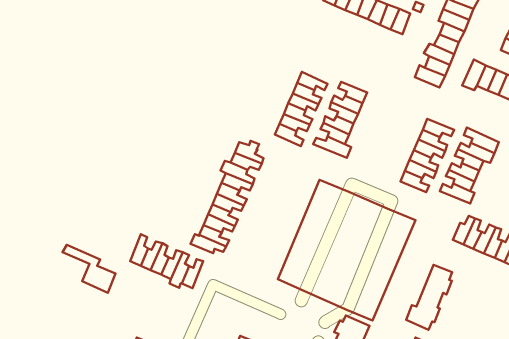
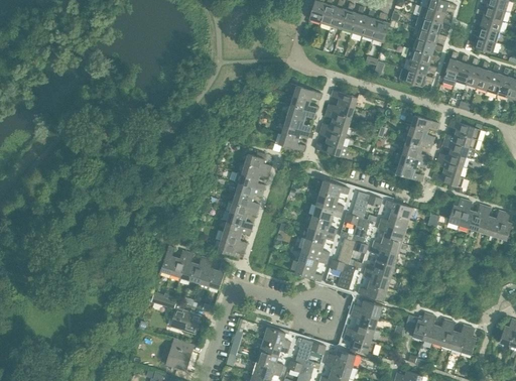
building: [63,245,115,293] -> [150,293,200,333]
building: [406,265,452,330] -> none

